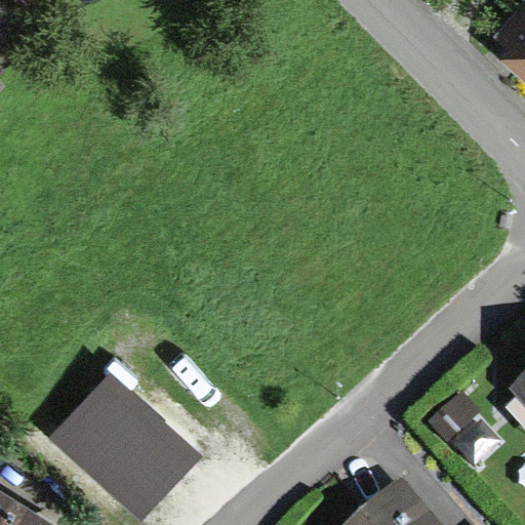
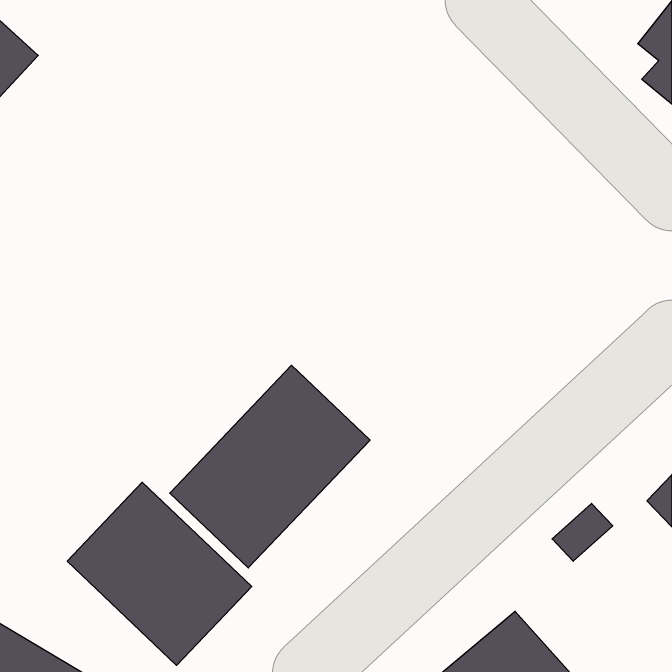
building: none -> [170,365,370,568]

